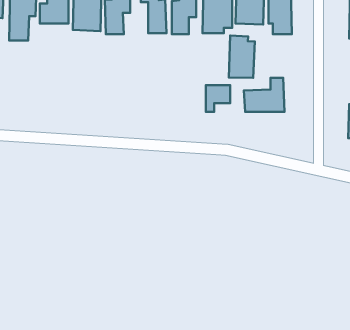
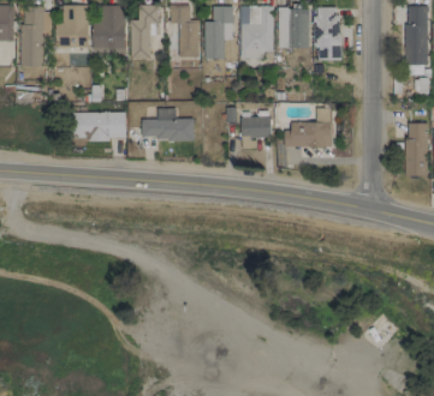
building: [229,35,255,78] -> none
building: none -> [142,108,195,139]
building: none -> [76,112,127,139]

